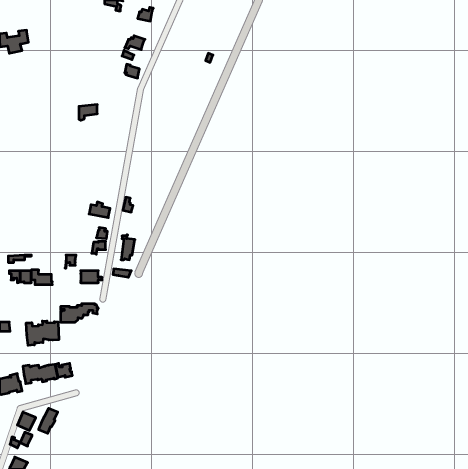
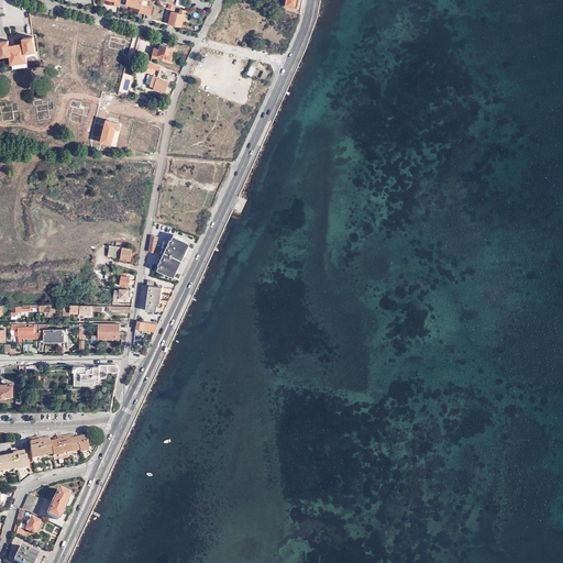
building: none -> [156,235,188,277]
building: [26,321,59,345] -> none

